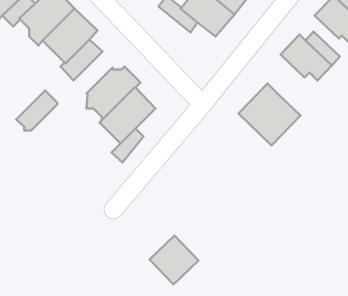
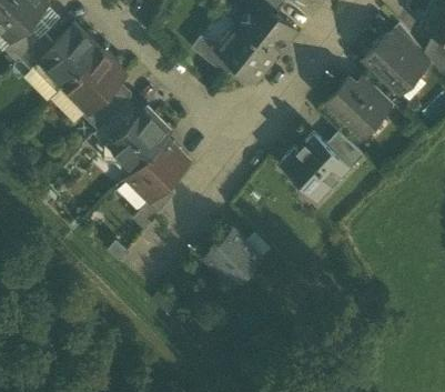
building: none -> [326,132,364,170]
building: [16,90,57,130] -> [95,99,141,143]
building: [149,235,198,284] -> [205,229,260,283]

